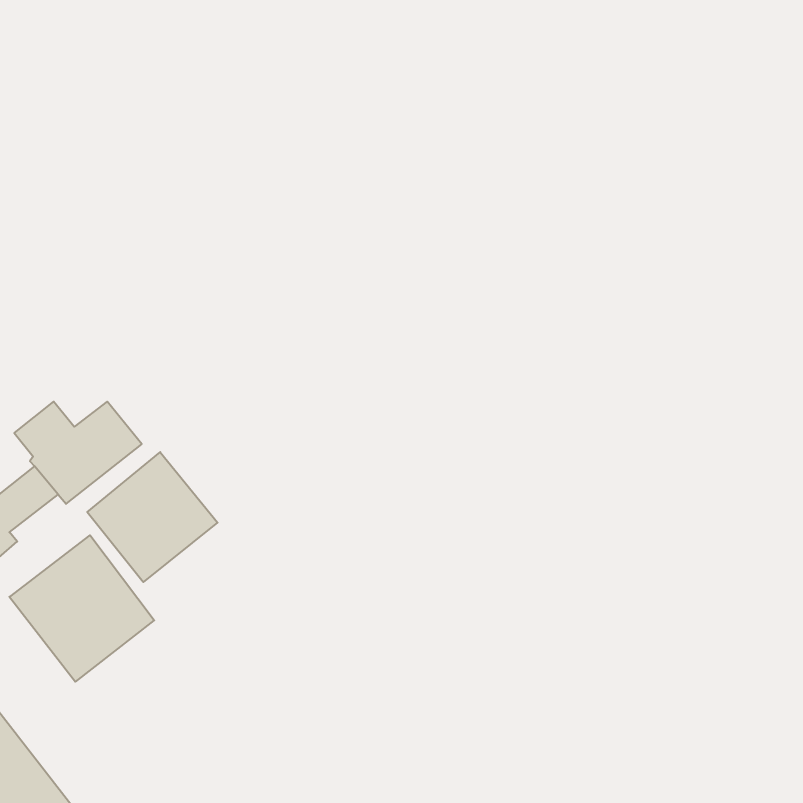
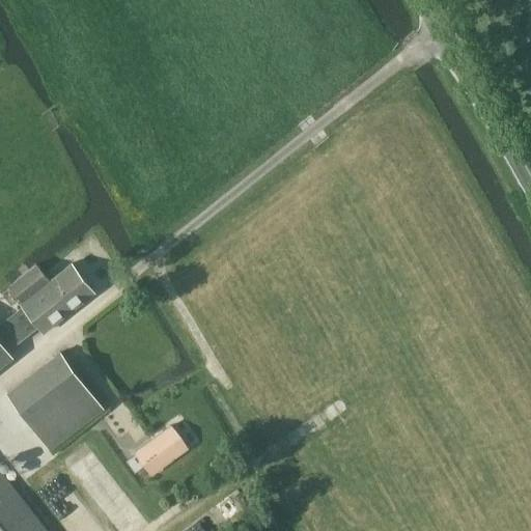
building: [87,452,218,582] -> none
building: none -> [125,427,187,476]

